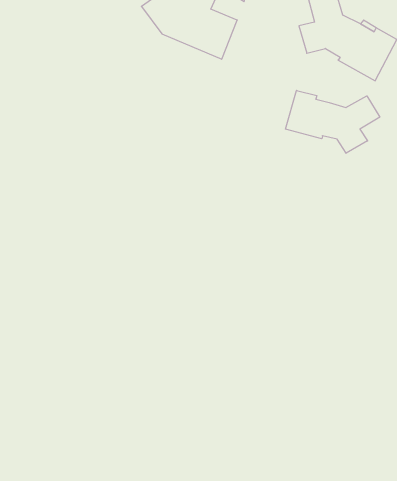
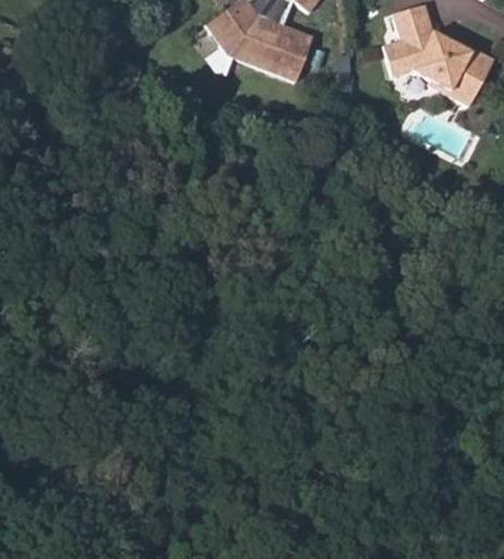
building: [286,90,380,153] -> none

